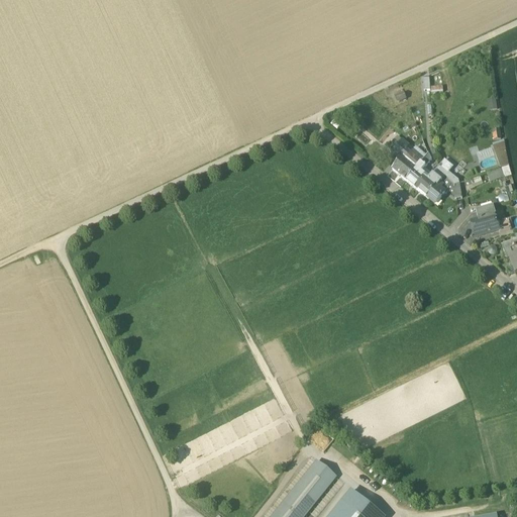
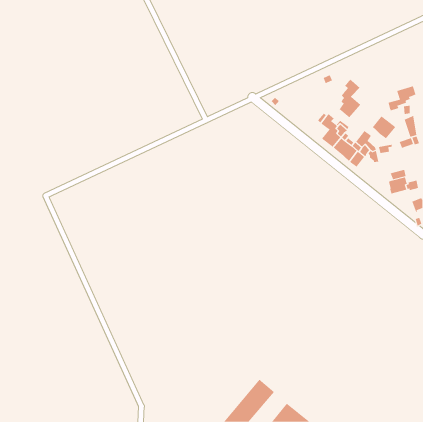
building: none -> [339,79,361,118]
building: none -> [388,86,416,111]
building: none -> [372,115,396,139]

